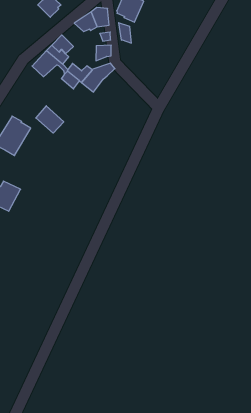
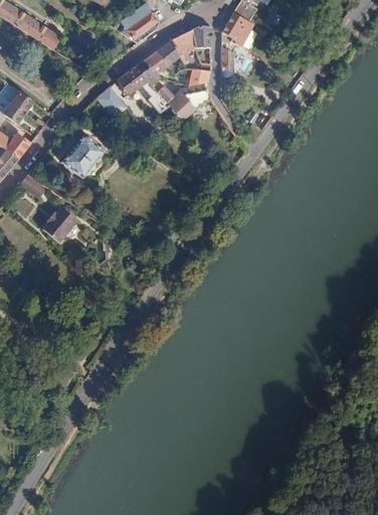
building: none -> [113,12,145,38]
building: none -> [155,39,182,65]
building: [36,106,64,133] -> [94,85,126,118]

